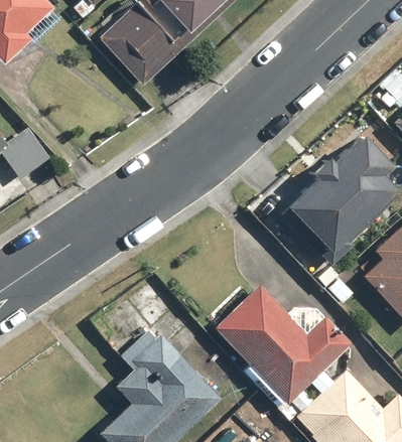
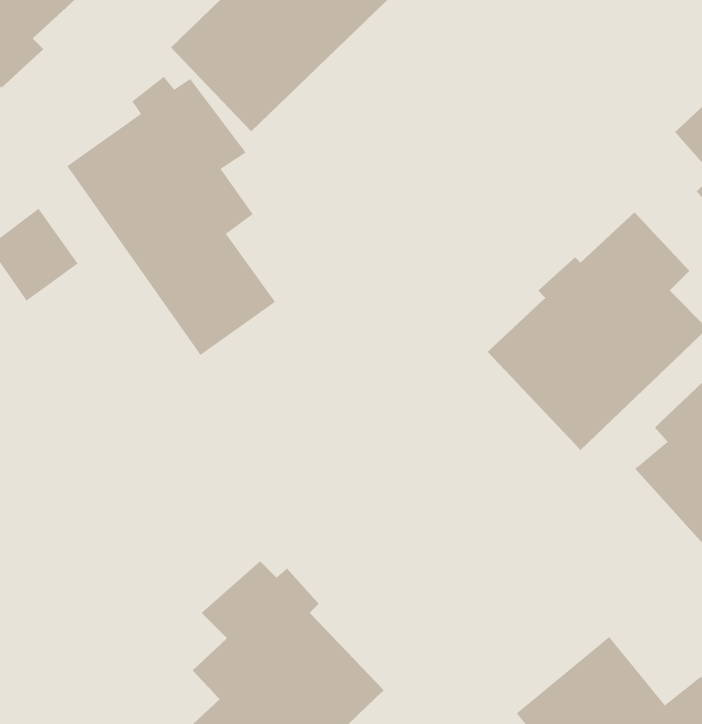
building: none -> [67,76,276,356]
building: [213,283,350,405] -> none

